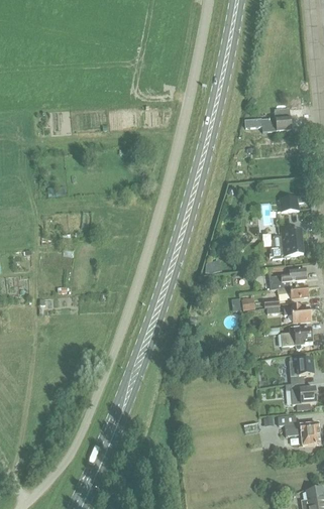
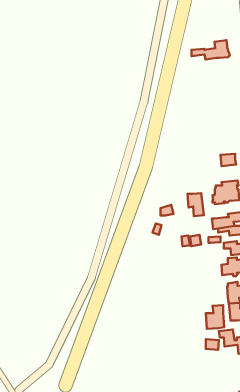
building: [245,107,293,131] -> [192,40,230,59]
building: none -> [187,193,204,216]
building: none -> [206,305,224,329]

